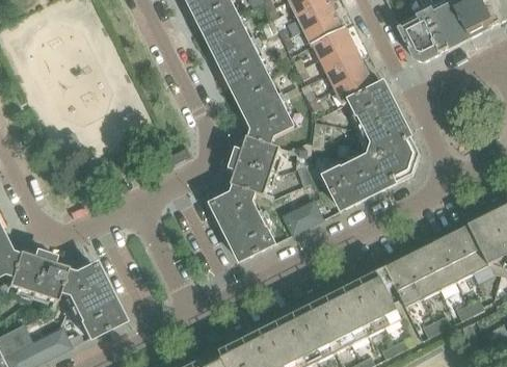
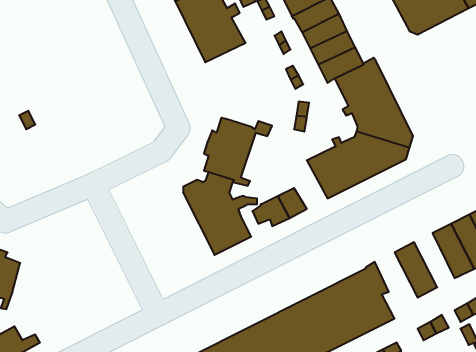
building: [231,68,303,143] -> none
building: [419,239,455,288] -> none
building: [383,257,422,307] -> none
building: [57,260,121,336] -> none

